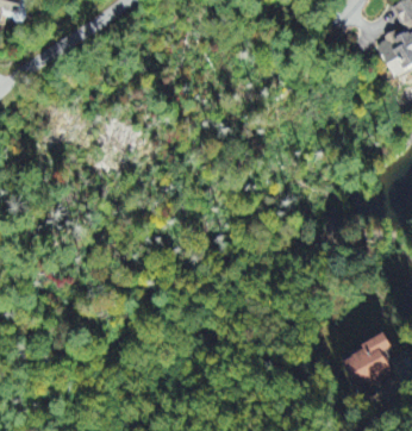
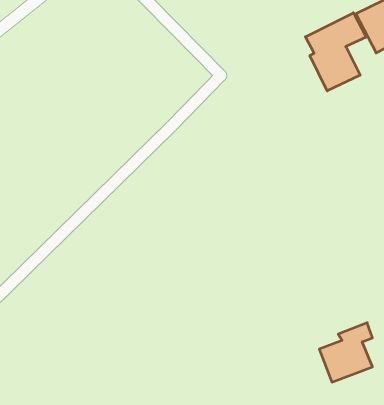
building: none -> [305,13,366,91]

